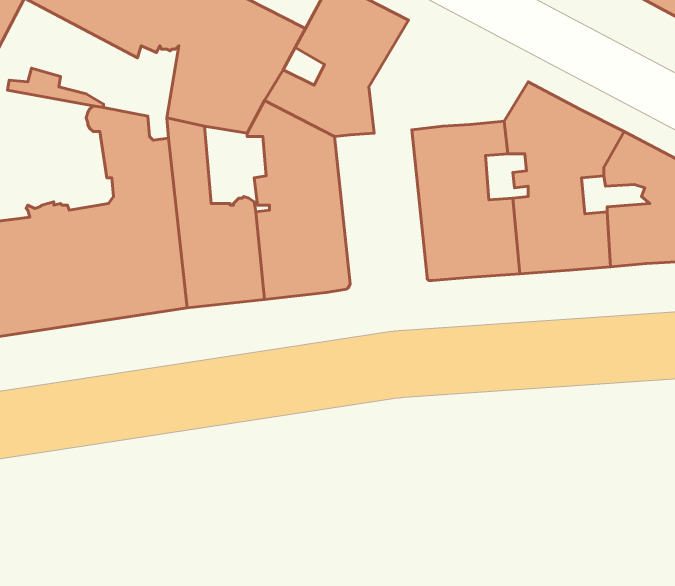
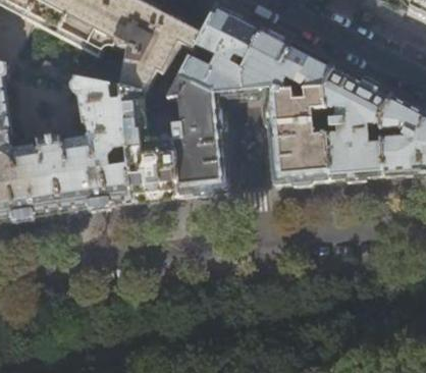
building: none -> [237,28,332,95]

